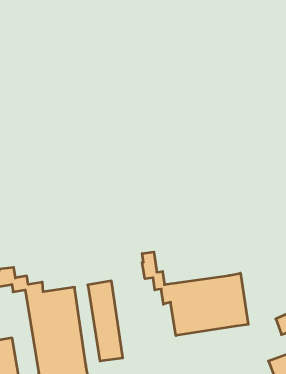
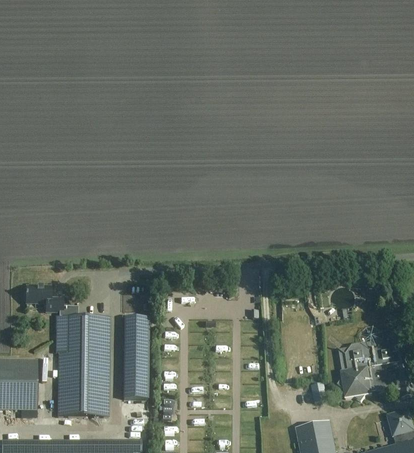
building: [142,252,248,336] -> none

